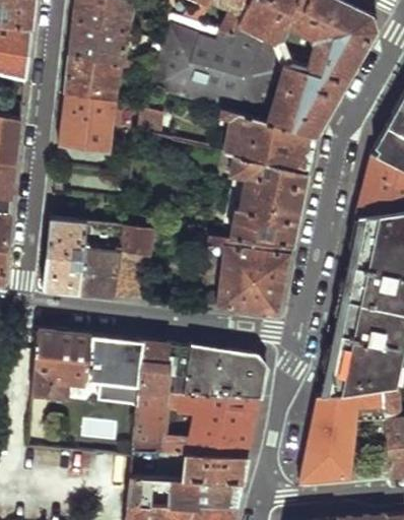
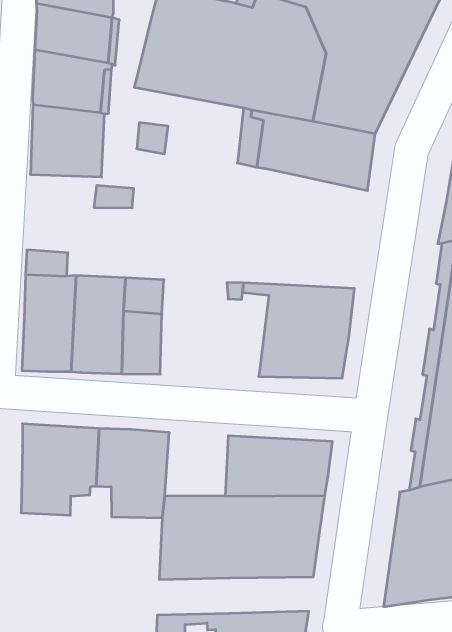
building: [230,152,307,245] -> none
building: [142,343,192,393] -> none
building: [185,454,249,482] -> none

